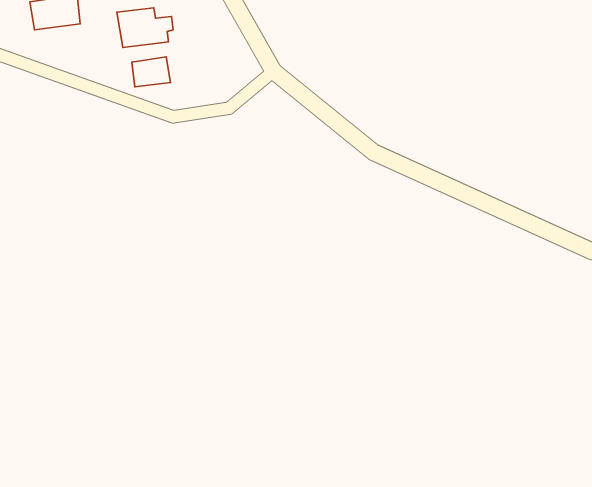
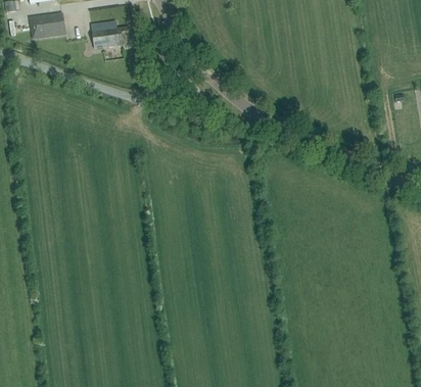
building: [132,57,171,87] -> none

